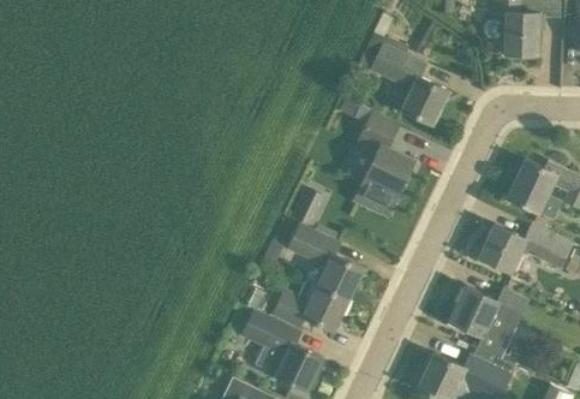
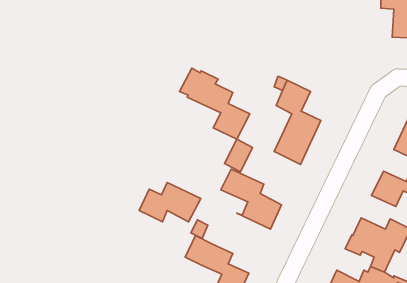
building: [358,32,448,124] -> [180,68,250,139]
building: [269,279,348,329] -> [139,183,201,222]

